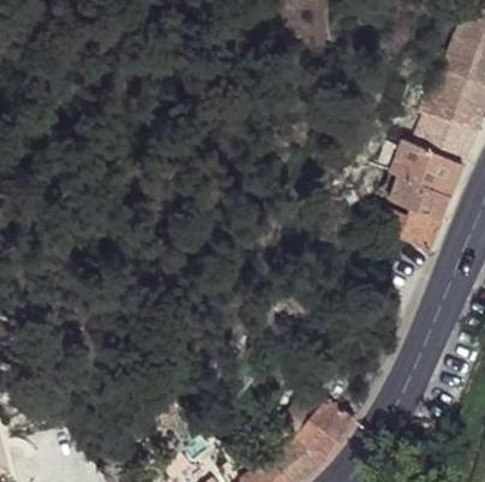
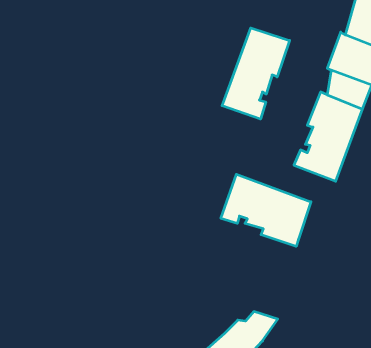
building: none -> [222,28,290,119]
building: none -> [221,174,311,246]

